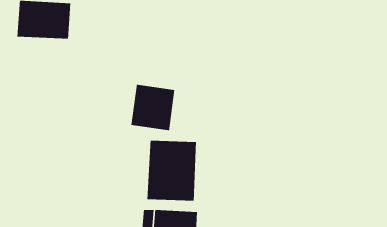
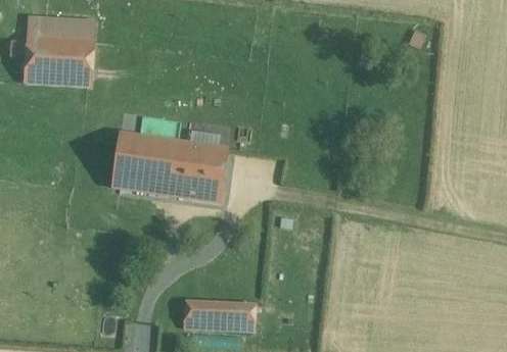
building: none -> [112,133,176,194]
building: [147,140,197,201] -> none

